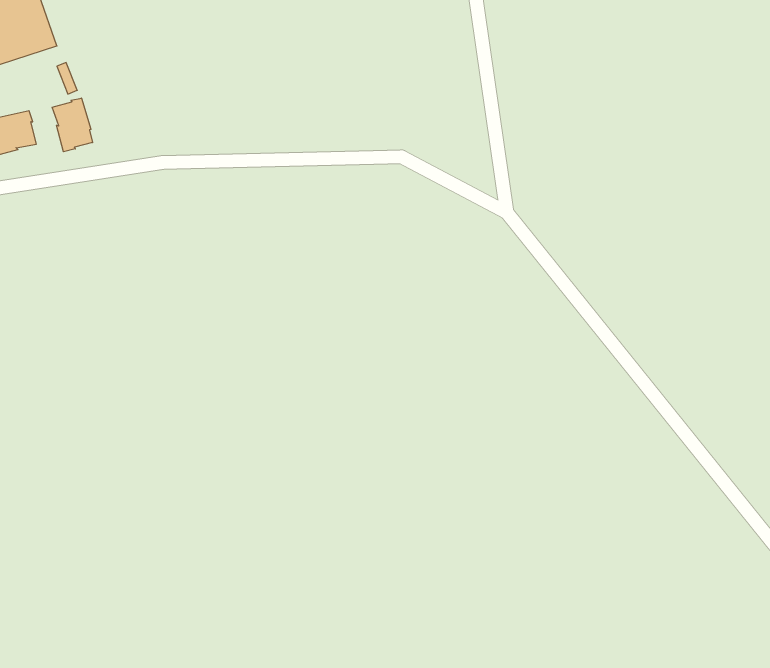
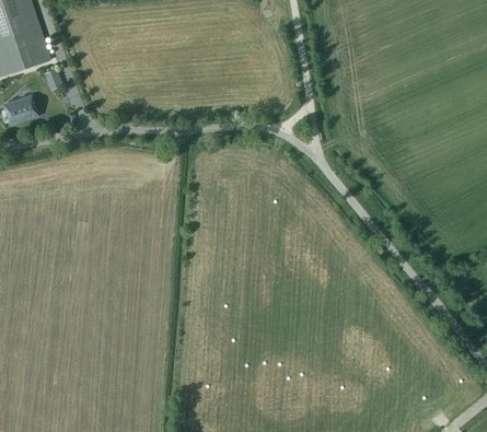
building: [52,98,93,152] -> none

